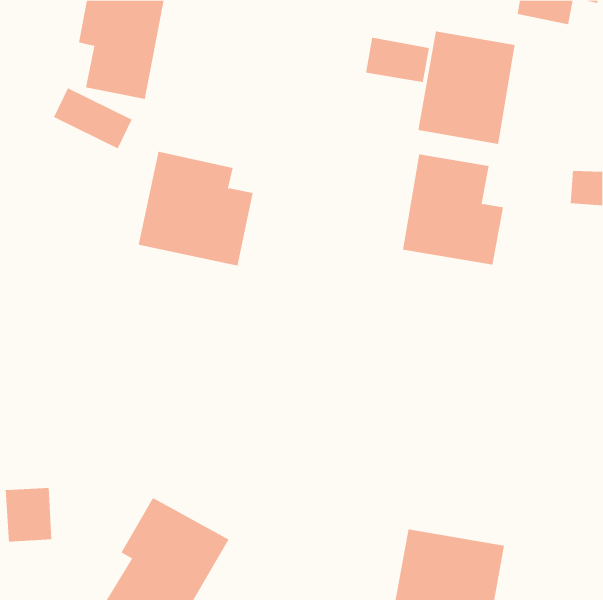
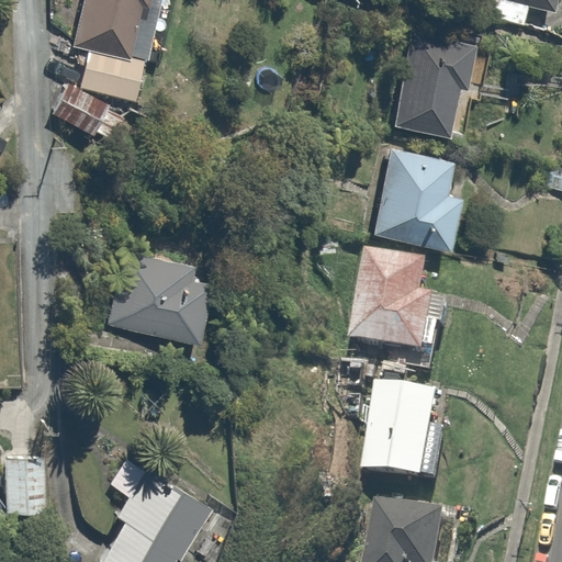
building: [365,37,430,83] -> none
building: [138,151,254,266] -> [108,244,215,350]
building: none -> [352,255,443,352]
building: none -> [356,386,445,482]

